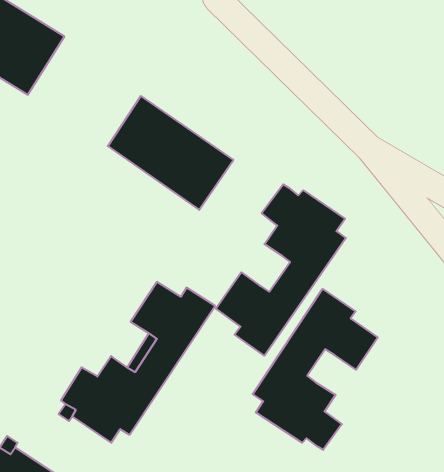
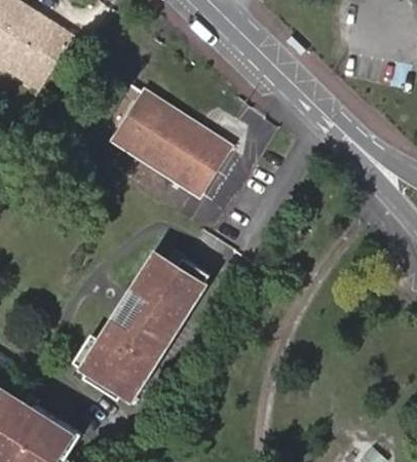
building: [216,184,346,356] -> none
building: [253,289,378,450] -> none

